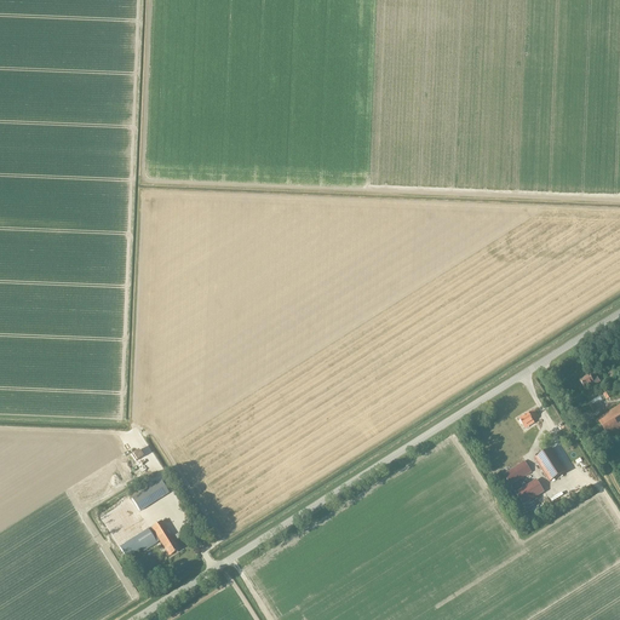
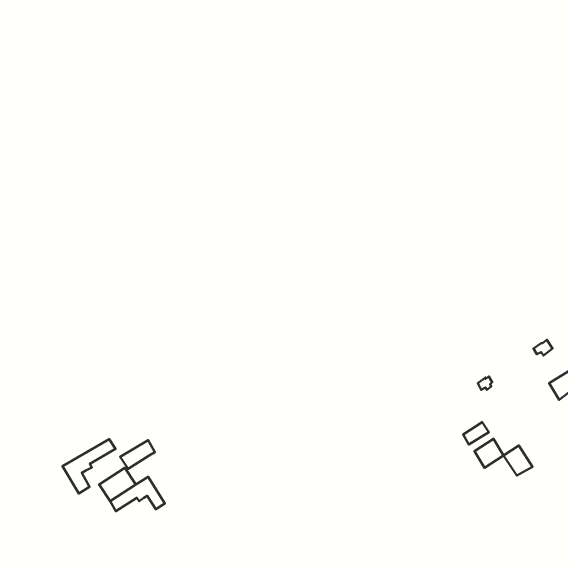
building: [536,446,568,478] -> [503,446,532,476]
building: none -> [63,439,116,493]

